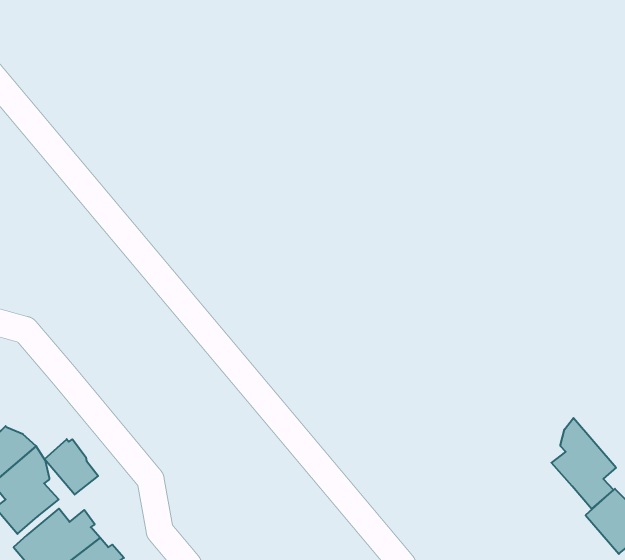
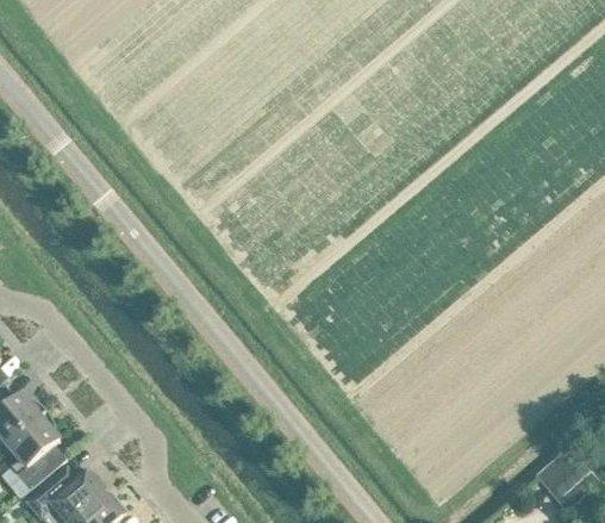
building: [551,418,616,509] -> none
building: [44,439,98,495] -> none

